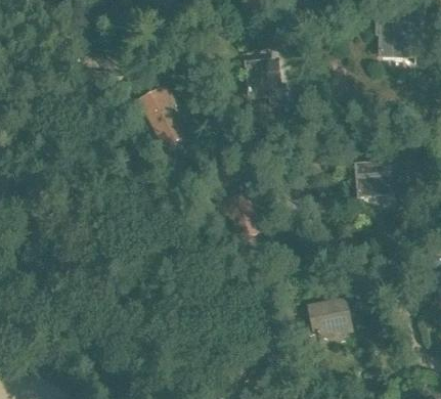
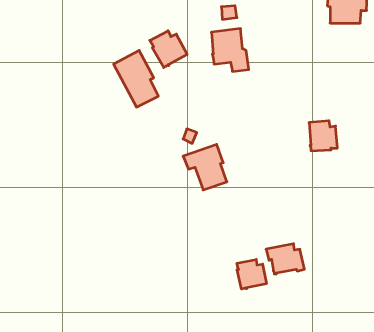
building: none -> [150,31,187,68]
building: none -> [237,259,266,289]

